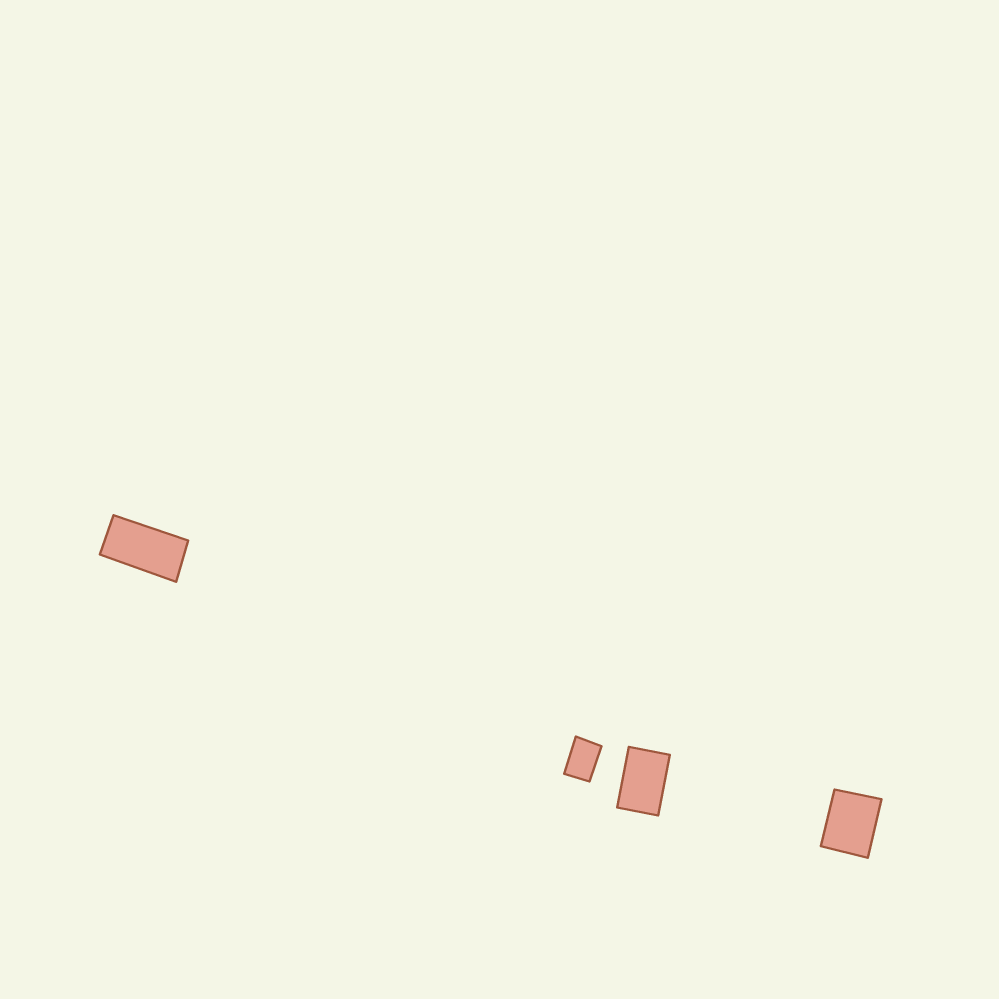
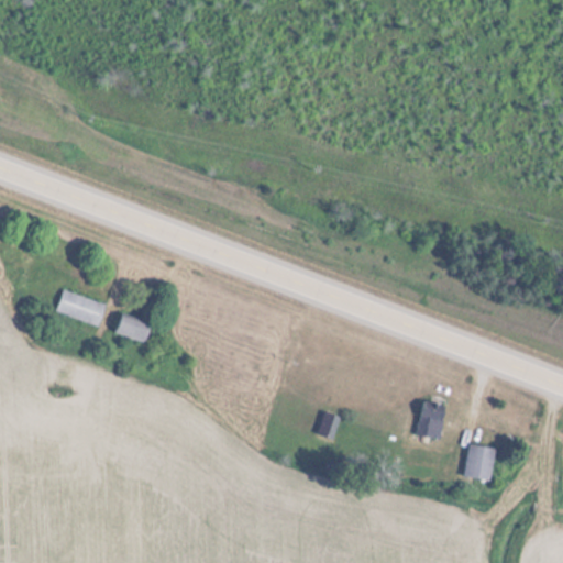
building: none -> [114,312,150,342]
building: [617,747,670,815] -> [415,401,444,440]

